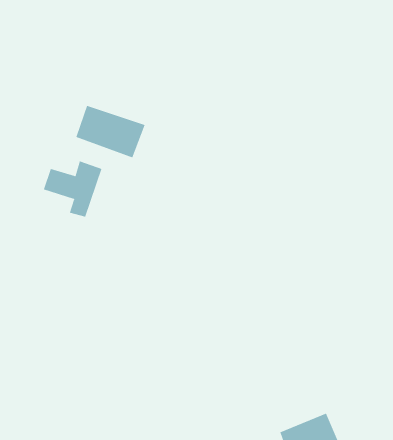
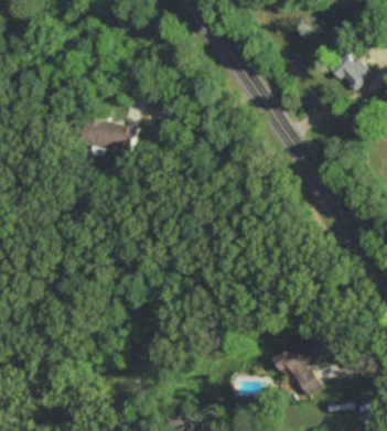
building: [43,161,102,218] -> none

